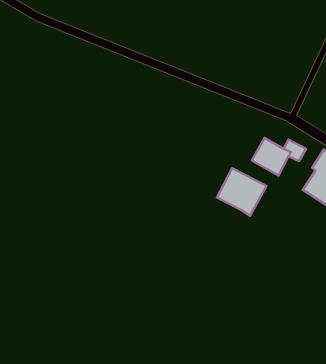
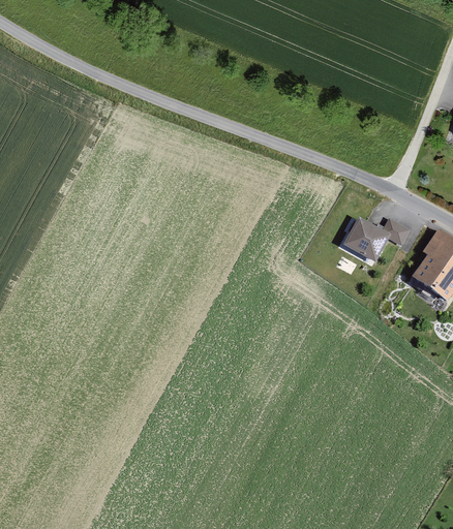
building: [217,168,266,216] -> none

